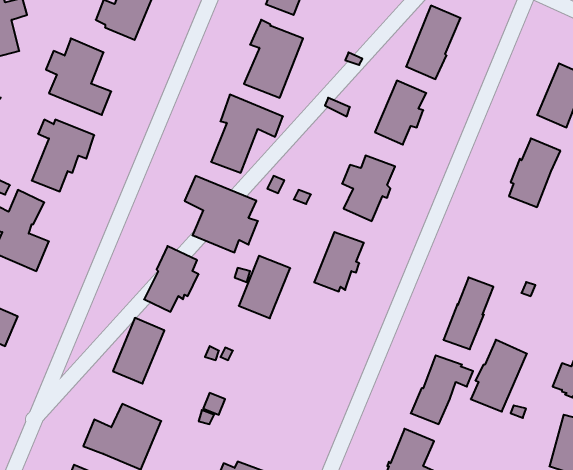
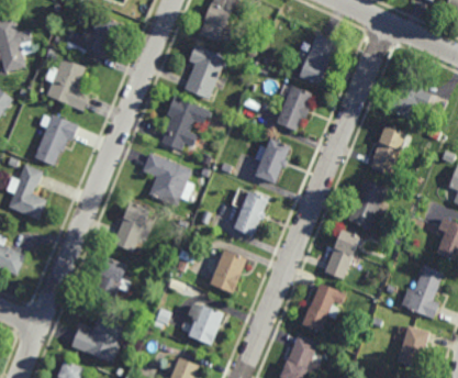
building: [239,256,290,318] -> [210,247,246,291]
building: [471,340,527,412] -> [347,181,387,232]
building: none -> [188,302,225,344]

